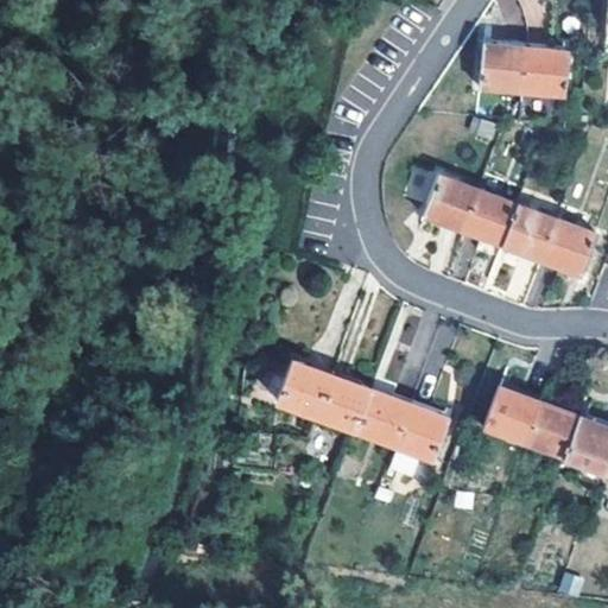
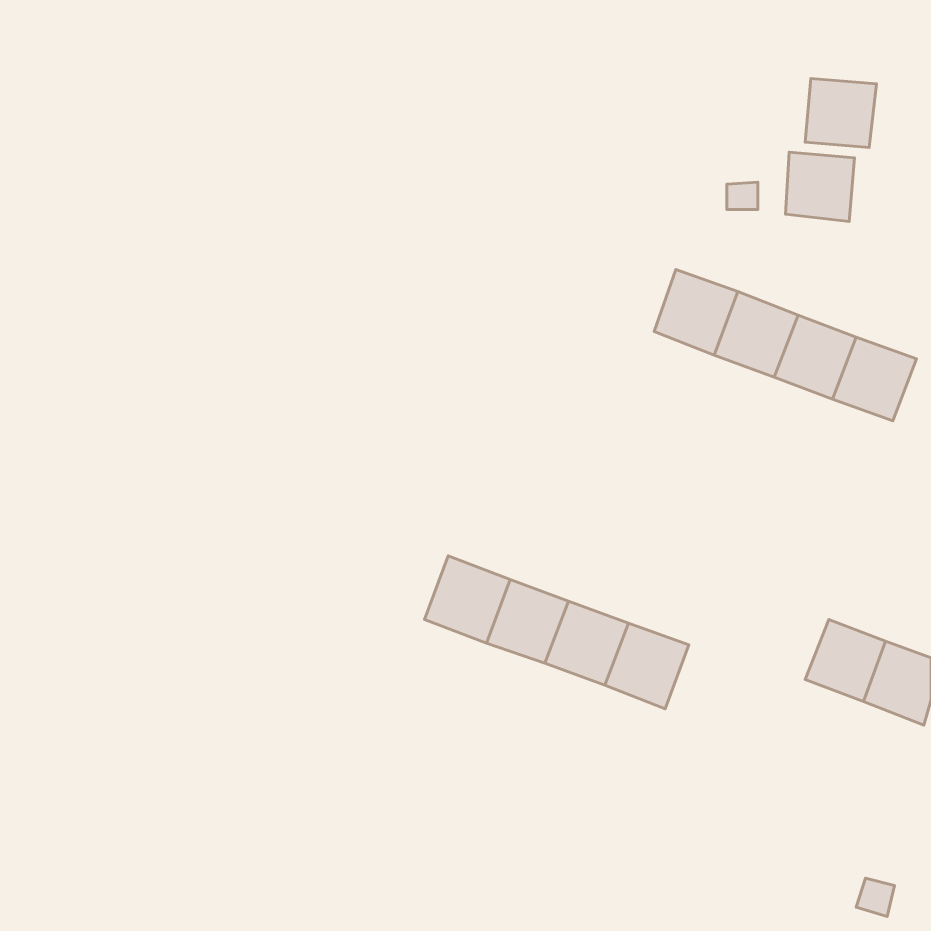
building: [483,48,528,93] -> [785,152,855,221]
building: [482,388,540,443] -> none

